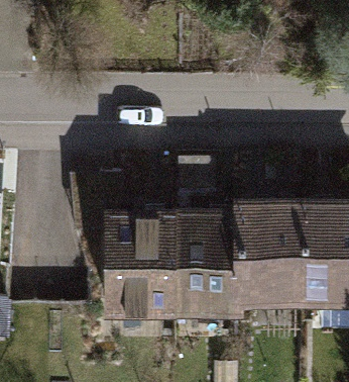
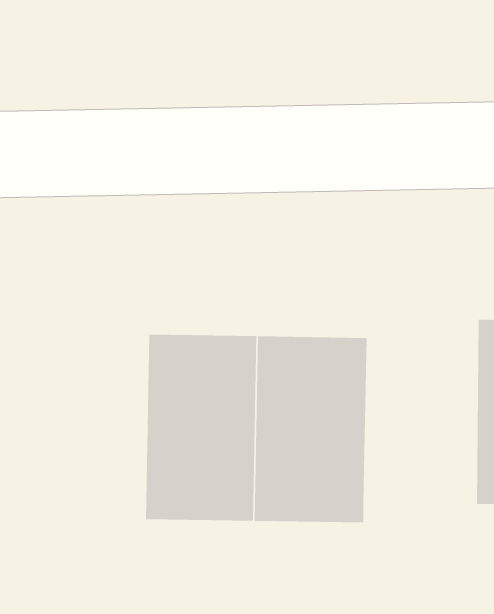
building: [237,196,305,307] -> none

